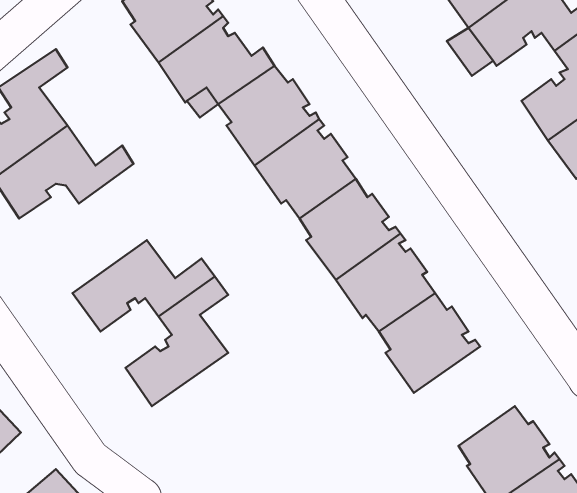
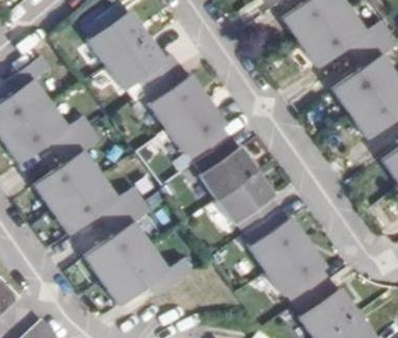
building: none -> [35,128,100,209]
building: none -> [267,242,330,305]
building: none -> [103,246,193,305]

